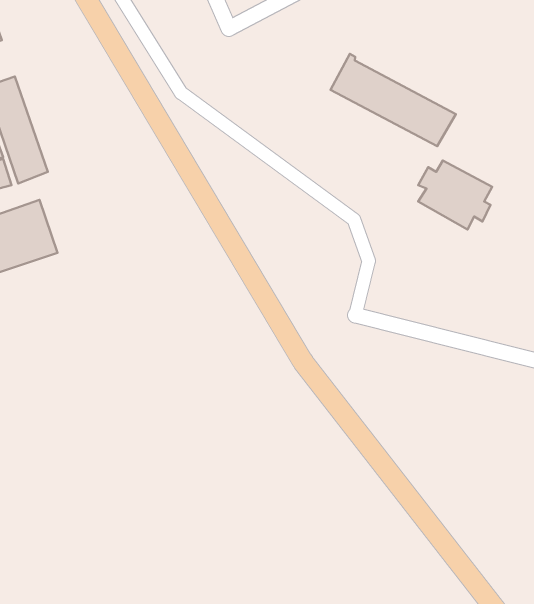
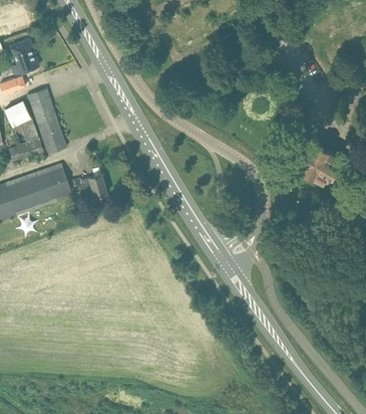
building: [331,54,456,146] -> none
building: none -> [81,174,106,198]

